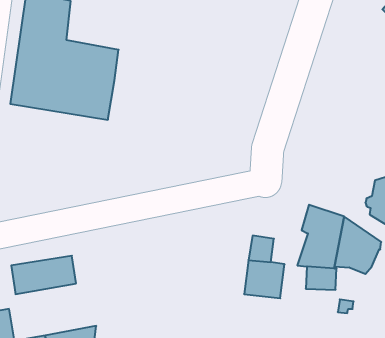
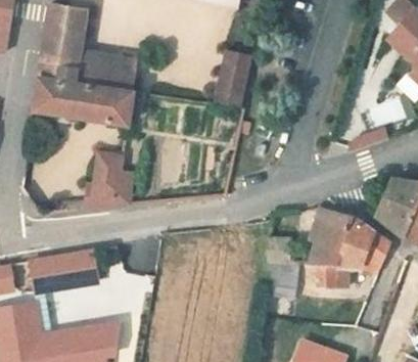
building: none -> [217,46,251,100]
building: none -> [81,153,136,210]

